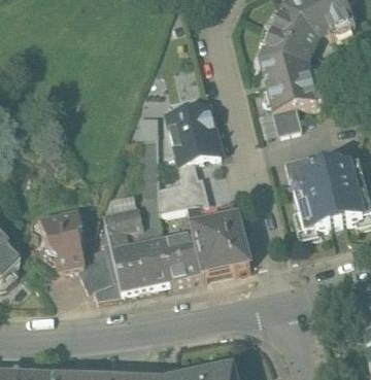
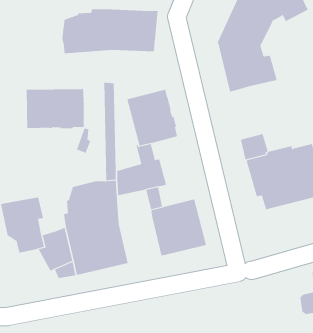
building: none -> [62,9,158,54]
building: [271,101,302,131] -> none
building: none -> [26,88,84,129]
building: [161,235,203,282] -> none

